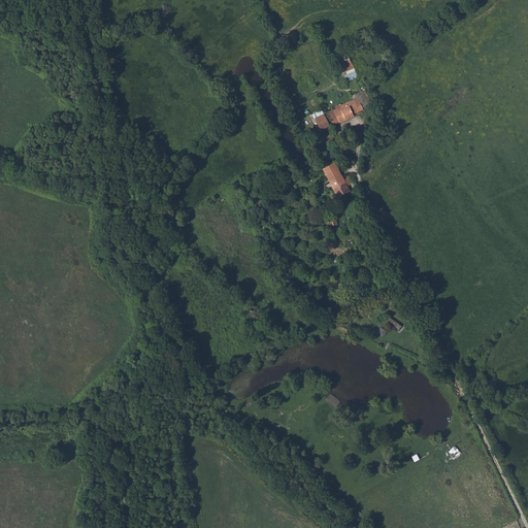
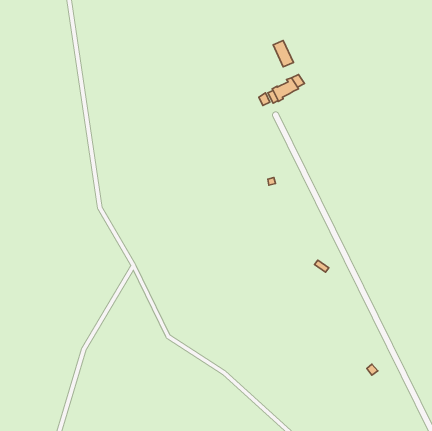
building: [323,163,353,198] -> none

